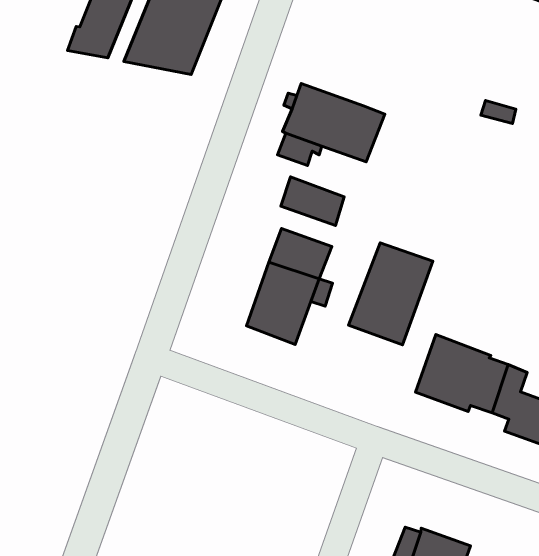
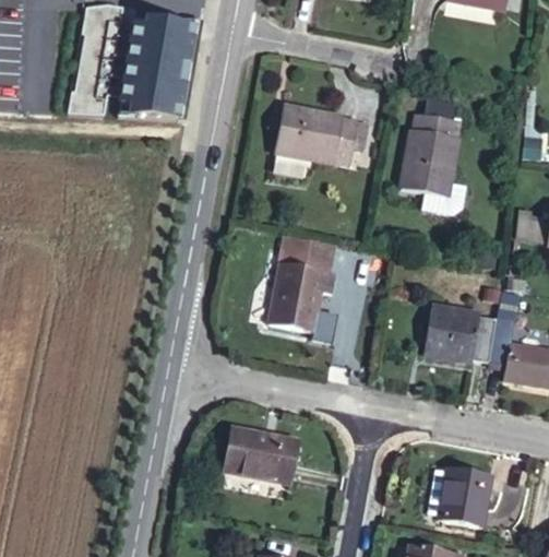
building: [281,177,344,226] -> none
building: [349,243,433,345] -> [396,111,461,197]
building: none -> [211,428,289,487]

